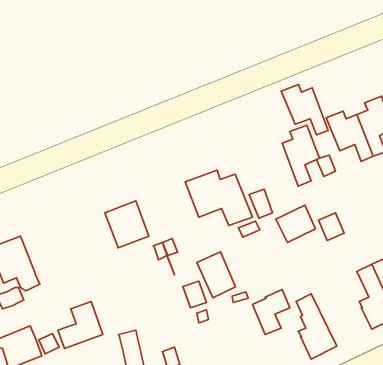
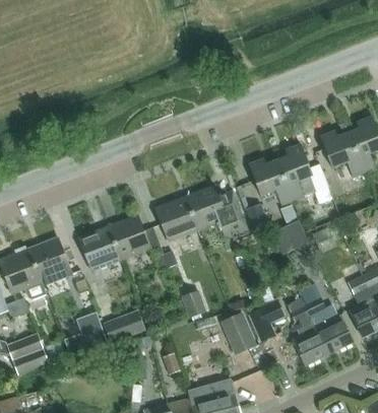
building: [281,85,328,135] -> [248,157,293,205]
building: none -> [155,197,198,242]
building: none -> [79,226,121,271]
building: none -> [28,237,73,285]
building: [197,252,235,298] -> [220,312,257,355]
building: none -> [305,296,354,353]
building: none -> [103,309,146,343]

